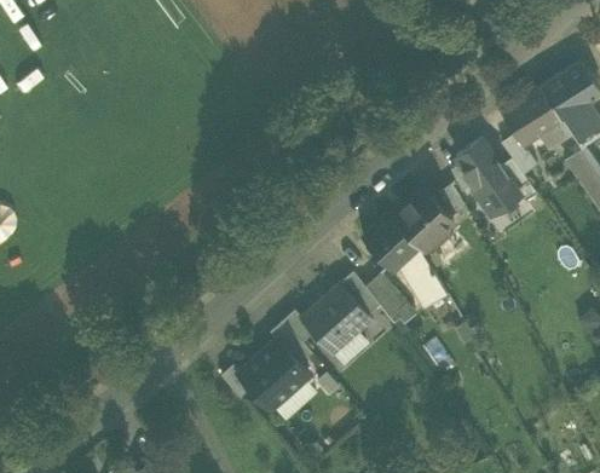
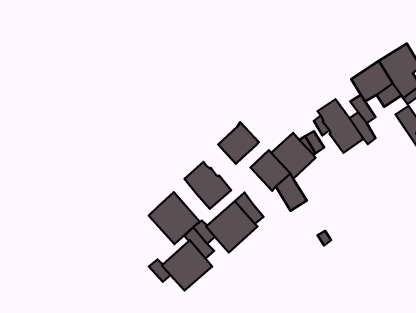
building: none -> [218,122,259,164]
building: none -> [184,162,231,209]
building: none -> [149,192,200,244]
building: [365,271,408,318] -> none

